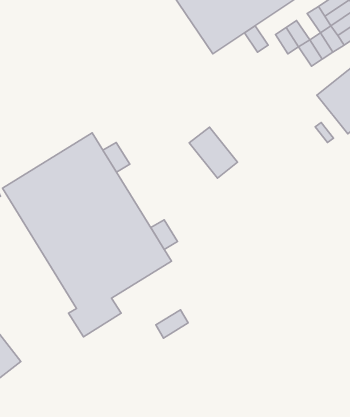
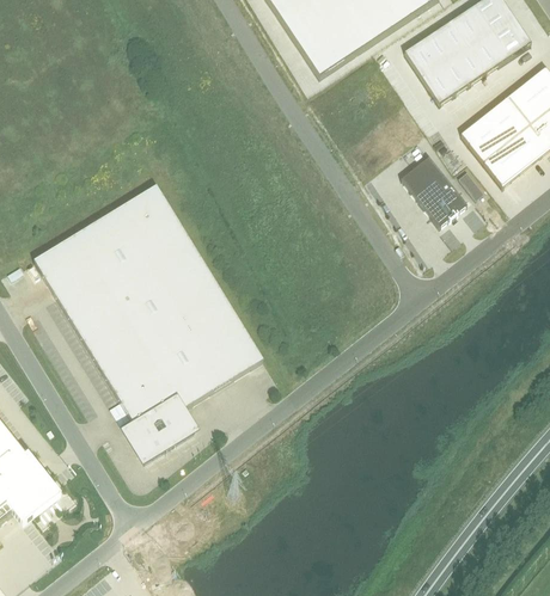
building: none -> [433,21,465,57]
building: [244,26,268,52] -> [421,67,453,103]
building: [189,127,238,178] -> [401,155,466,225]
building: [103,142,130,172] -> none
building: [151,220,178,249] -> none
building: [156,310,188,338] -> none

